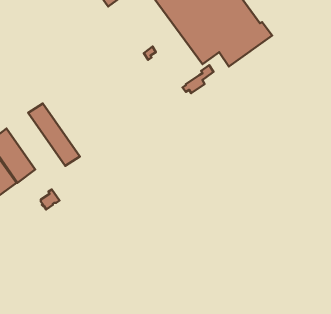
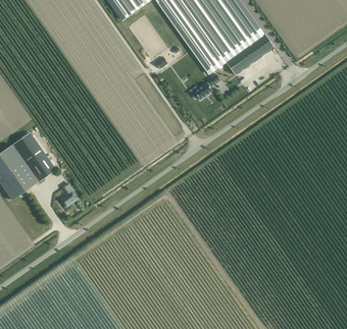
building: [28,104,80,166] -> none

